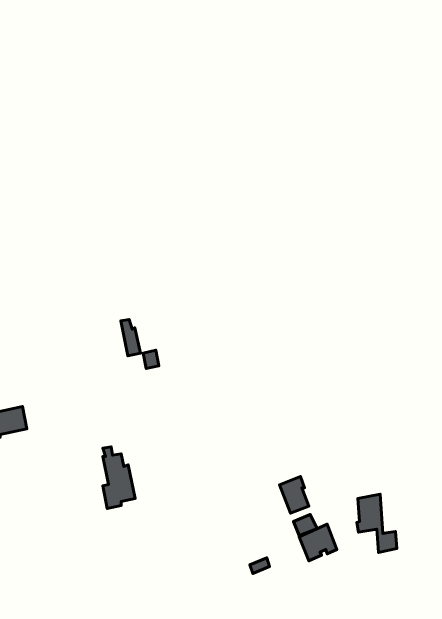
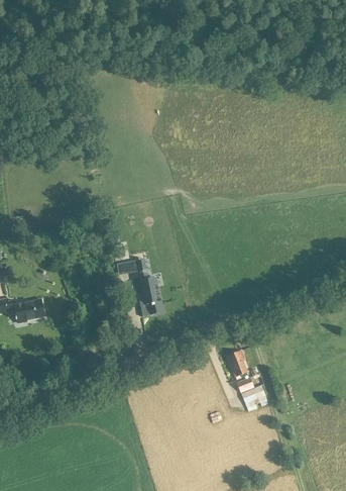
building: [103,447,135,508] -> [139,272,162,316]
building: [357,494,397,552] -> none

